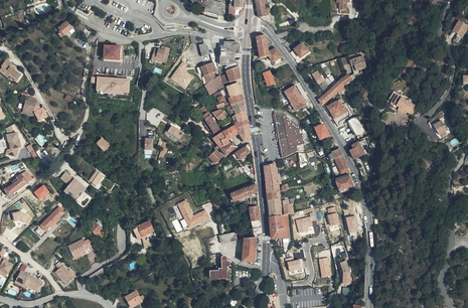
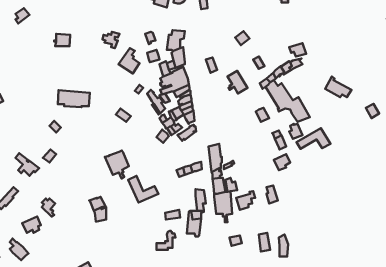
building: [254,35,283,65] -> none
building: [95,76,129,95] -> [58,90,90,107]
building: [275,113,304,157] -> none
building: none -> [297,128,331,149]
building: none -> [105,150,129,178]

